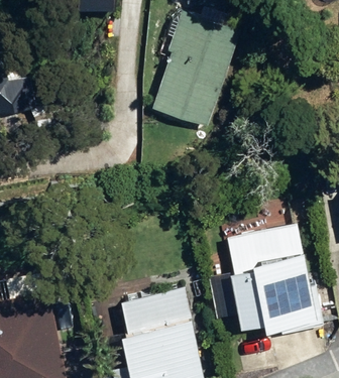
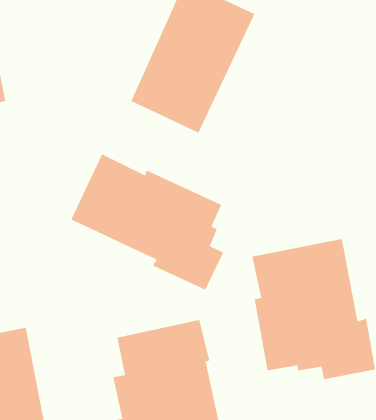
building: none -> [70,154,224,290]

